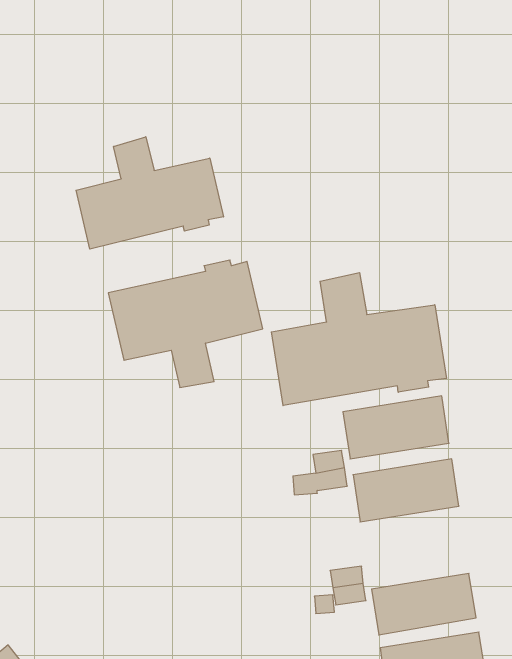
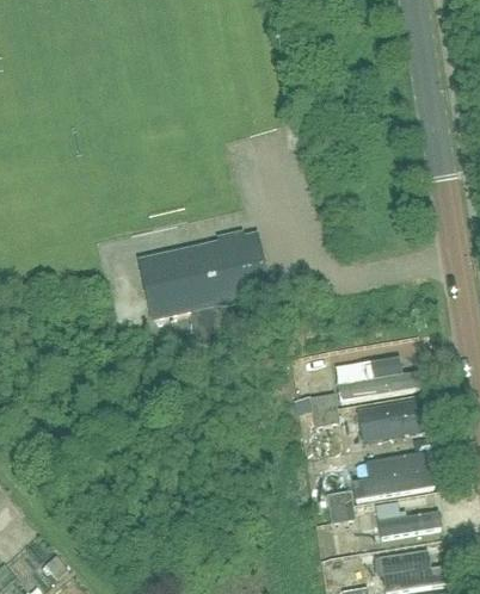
building: [76,137,223,249] -> none
building: [271,273,447,406] -> none
building: none -> [350,447,438,500]

